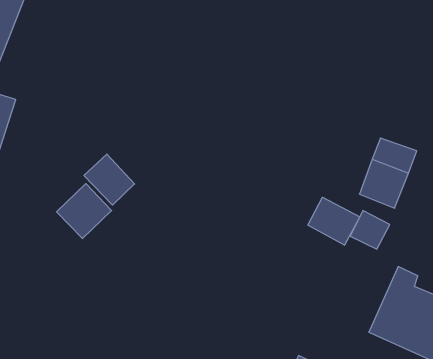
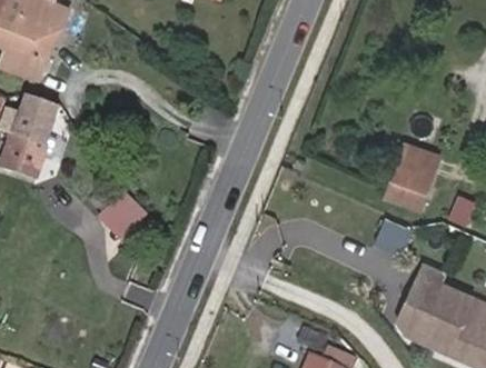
building: [84,154,135,205] -> none
building: [308,197,360,245] -> none

